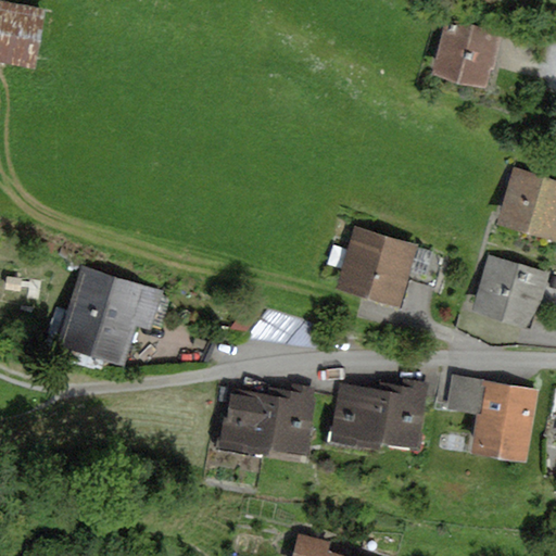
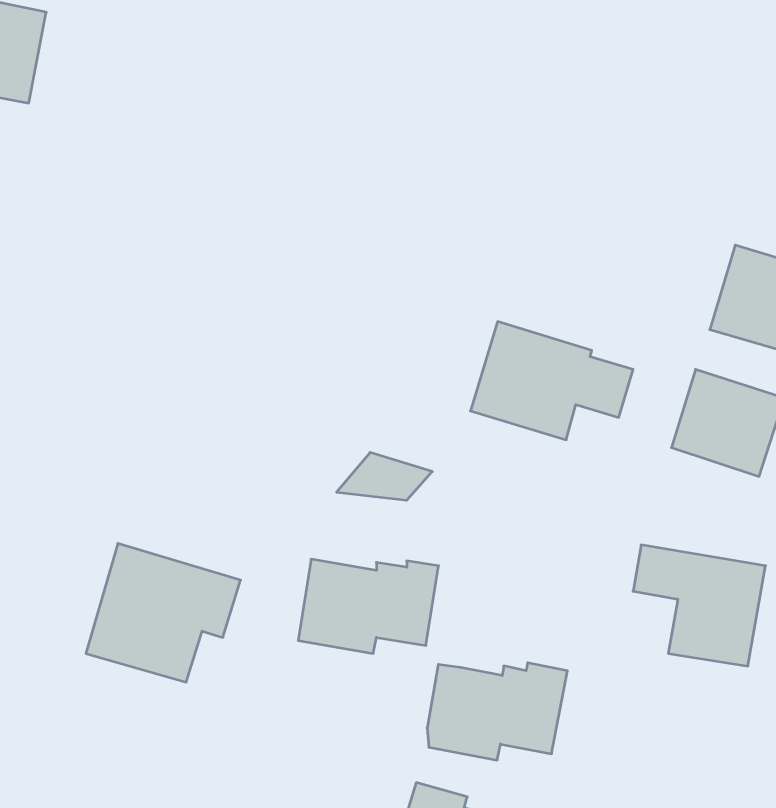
building: [431,23,500,96] -> none
building: [59,266,164,361] -> [86,543,241,682]
building: [331,380,427,446] -> [427,663,567,760]

